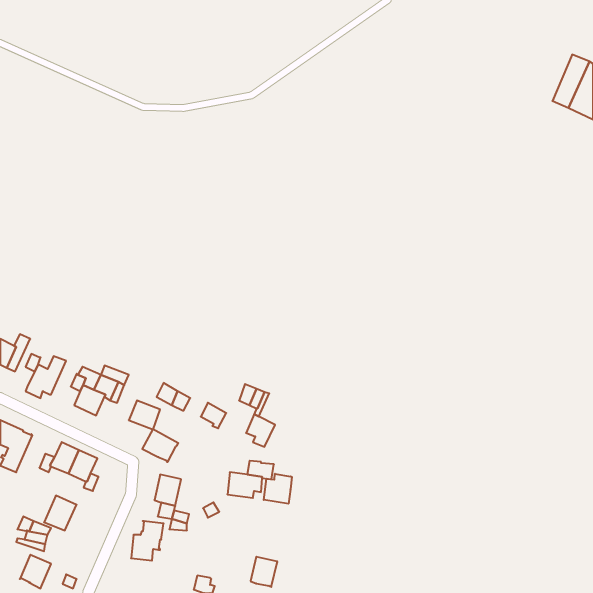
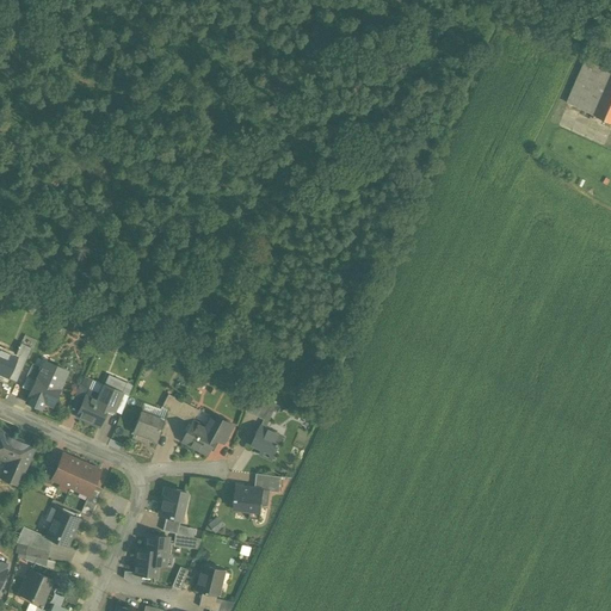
building: [142,429,178,462] -> [183,421,220,455]
building: [264,474,292,504] -> none
building: [251,557,277,587] -> [197,564,224,595]

